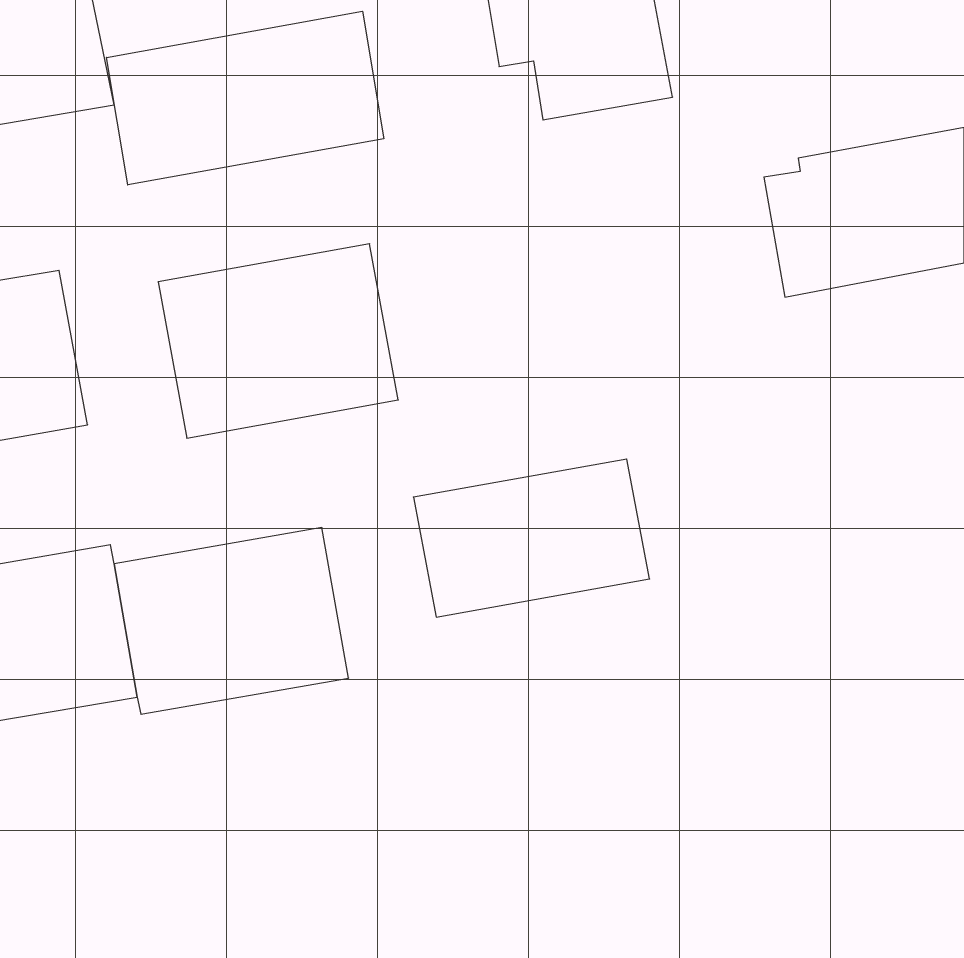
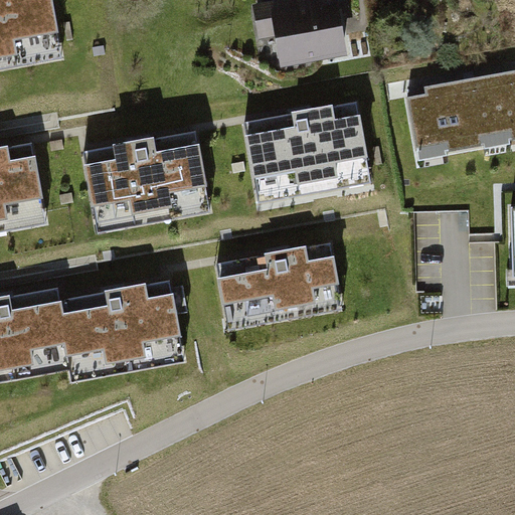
building: [107,11,384,185] -> none
building: none -> [239,100,368,204]

